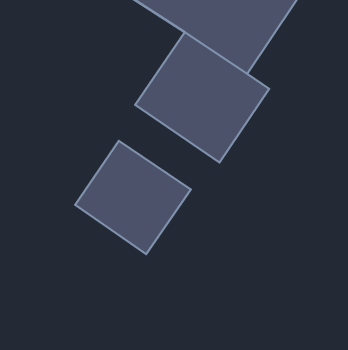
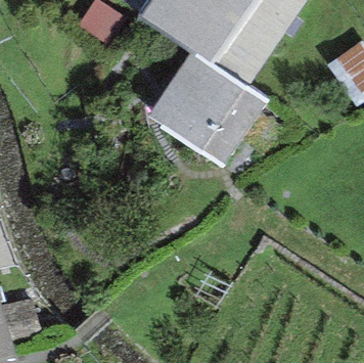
building: [75,141,191,254] -> none

